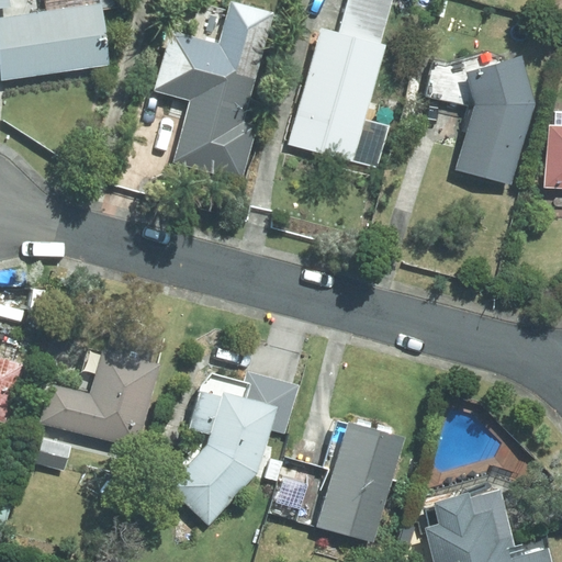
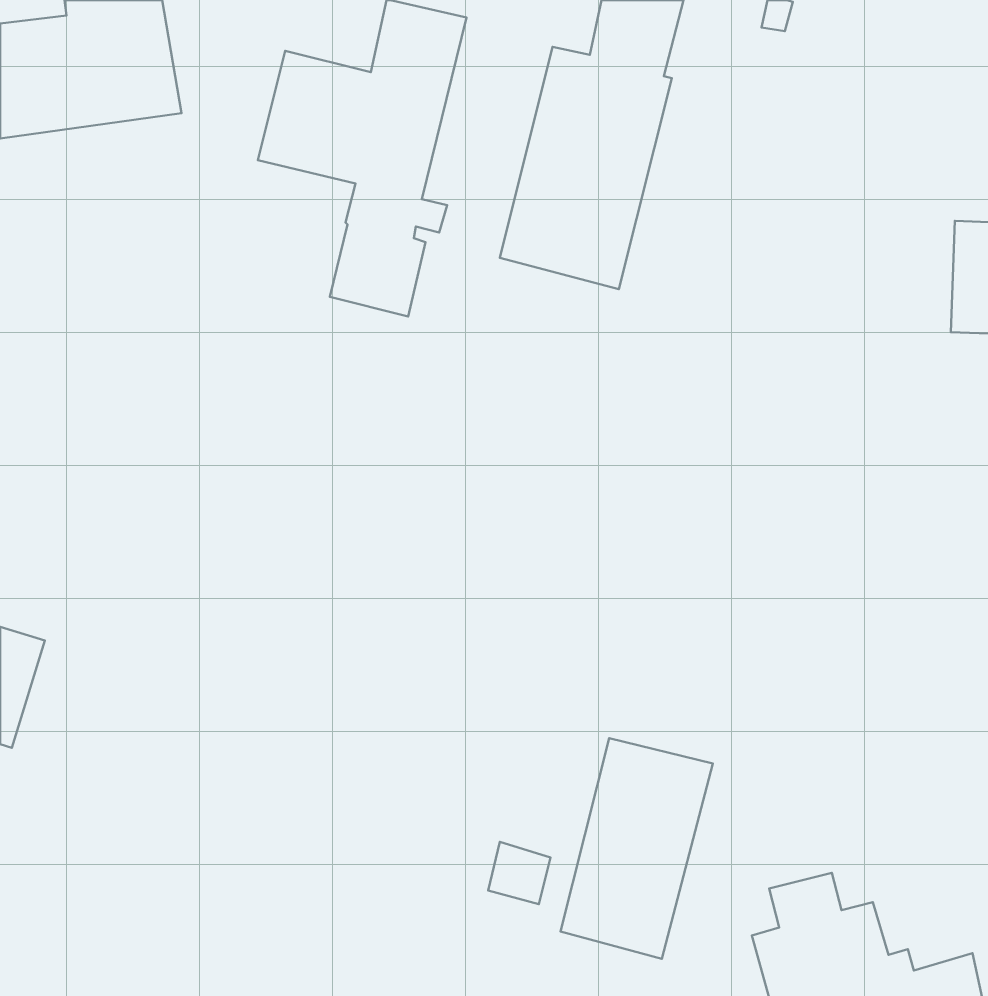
building: [424,55,529,184] -> none
building: [45,327,165,449] -> none
building: [168,387,282,527] -> none

